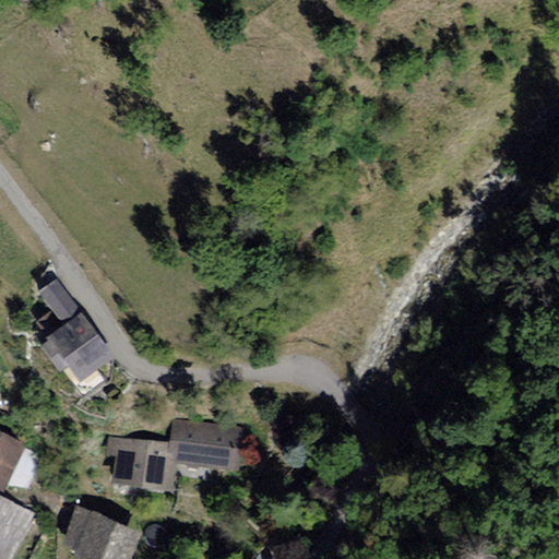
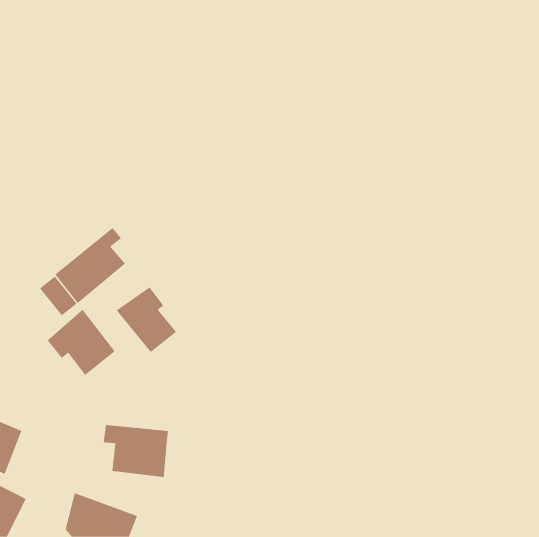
building: none -> [54,227,126,304]
building: none -> [116,287,177,353]
building: [173,420,237,462] -> none

